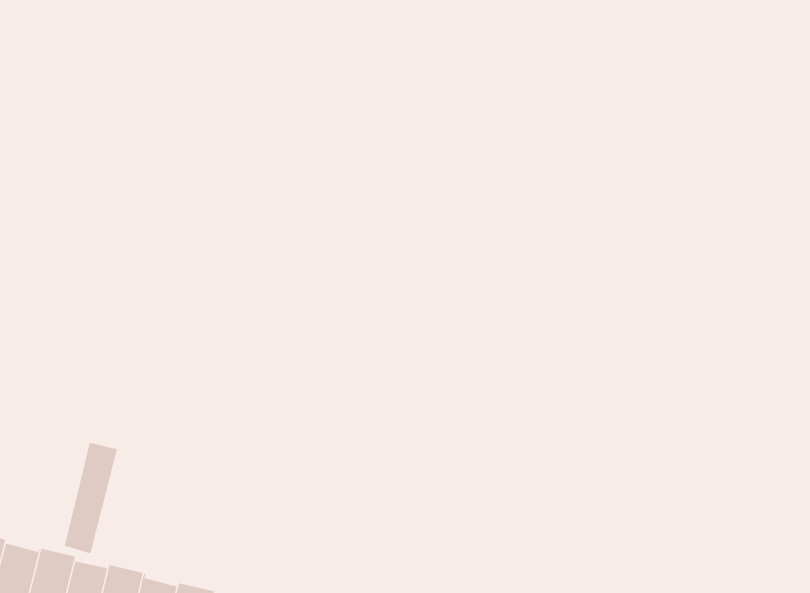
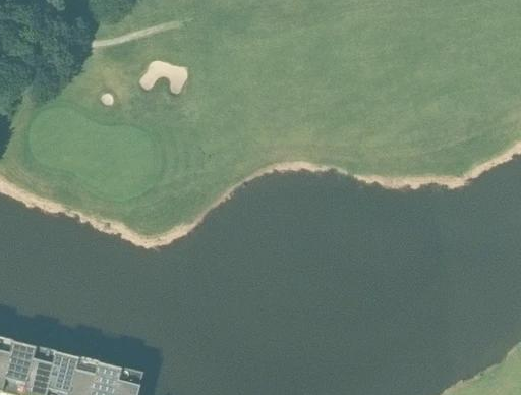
building: [62,442,118,559] -> none

